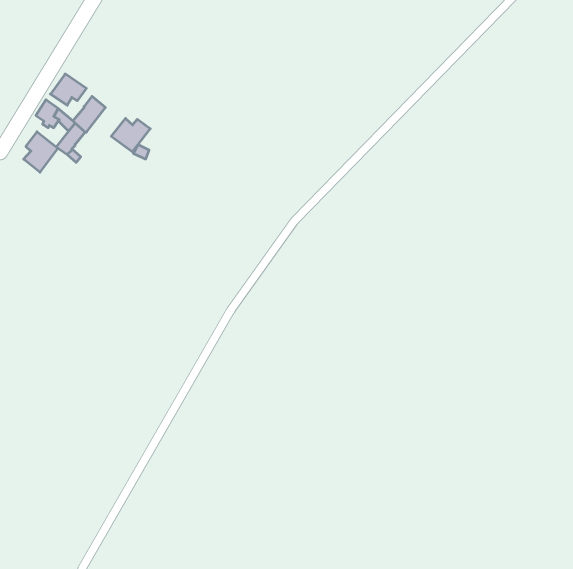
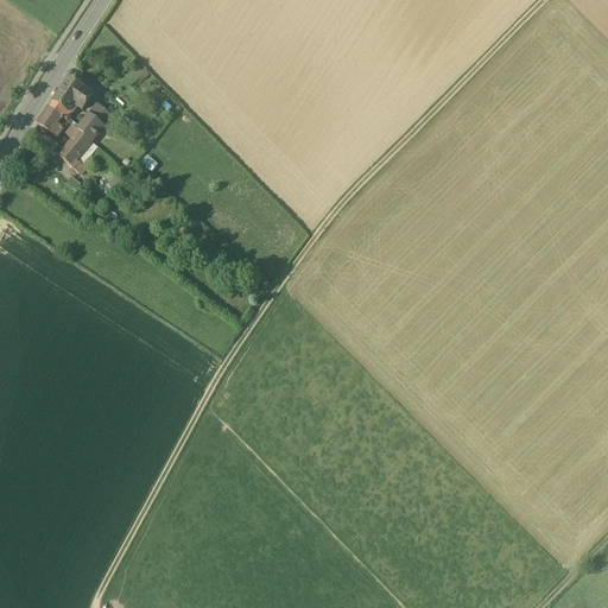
building: [111,118,150,152] -> none
building: [24,132,58,172] -> none

